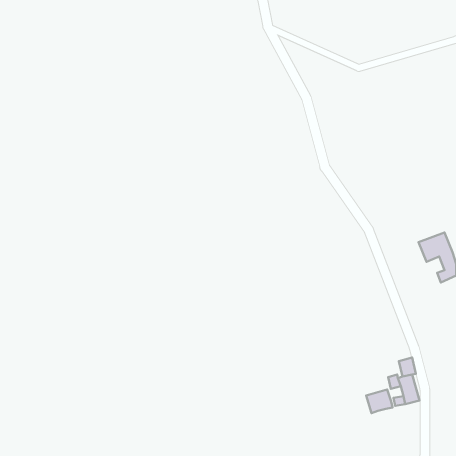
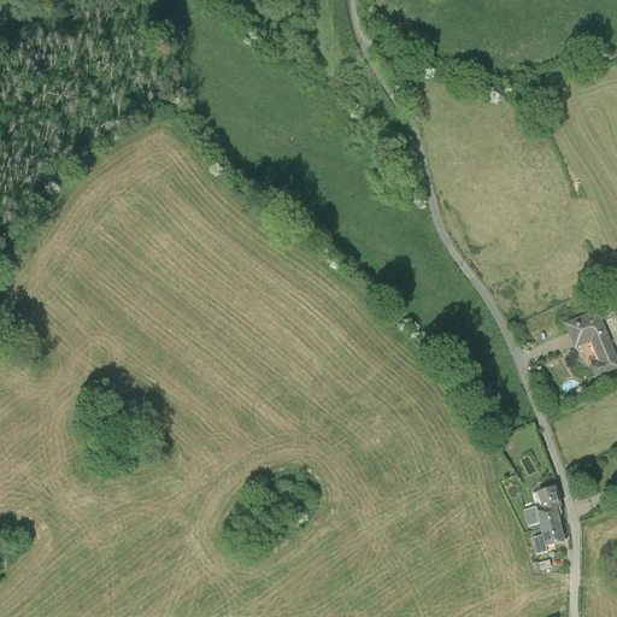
building: [366,390,392,413] -> none

